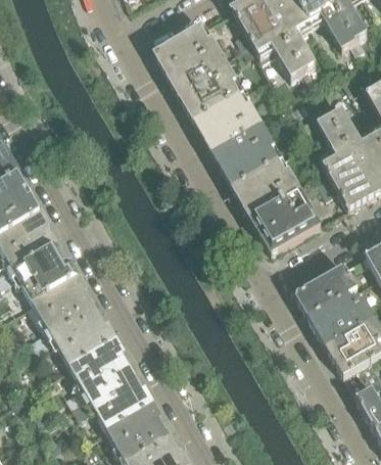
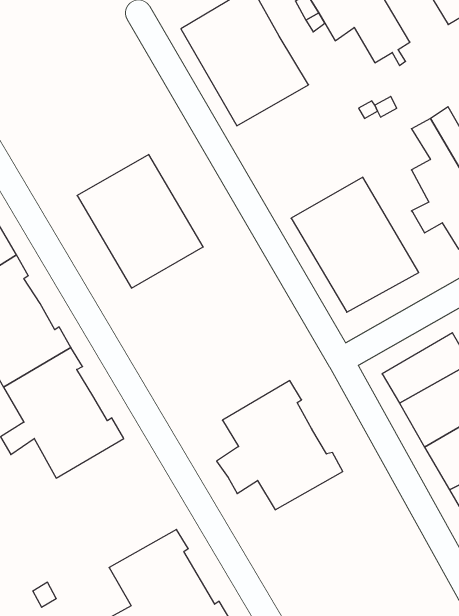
building: [193,90,281,183] -> [77,155,203,288]
building: [63,336,151,426] -> [217,381,343,510]

